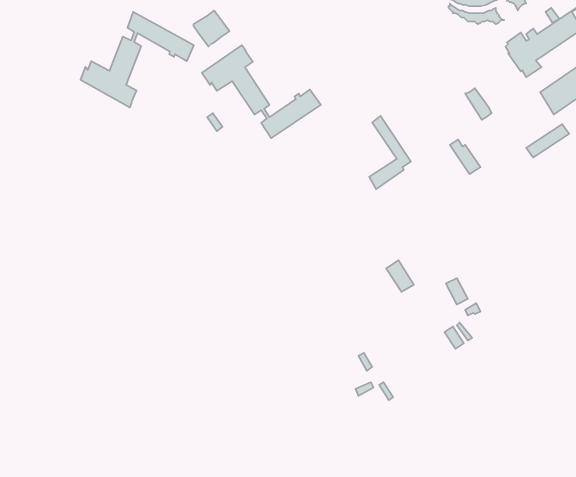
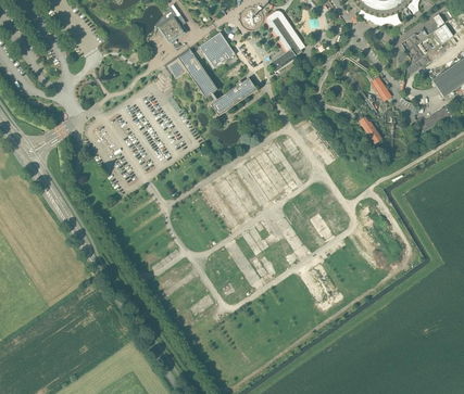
building: [81,12,194,108] -> none
building: none -> [198,30,236,68]
building: [369,116,411,189] -> [269,14,302,72]

